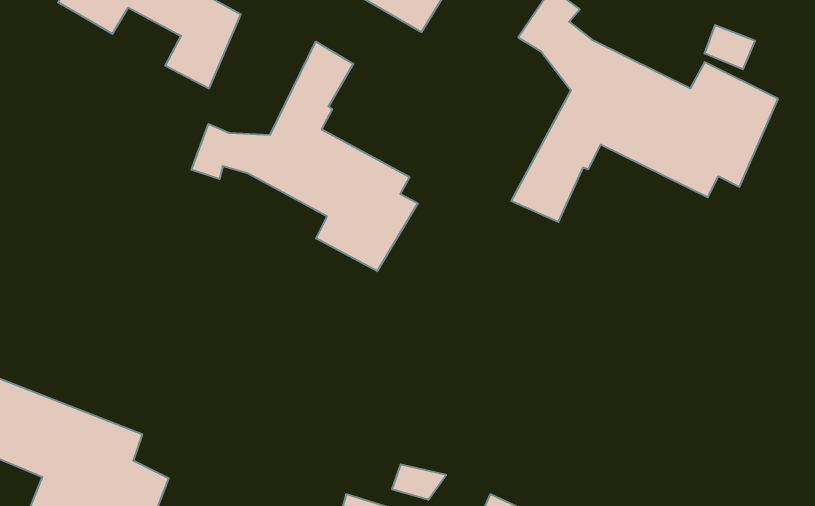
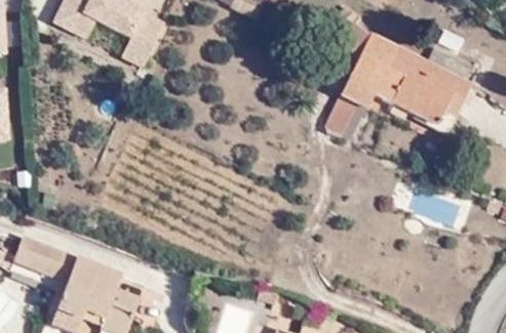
building: [192,42,418,271] -> none

